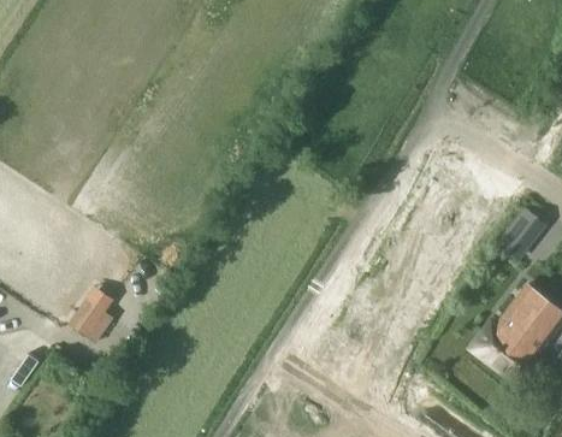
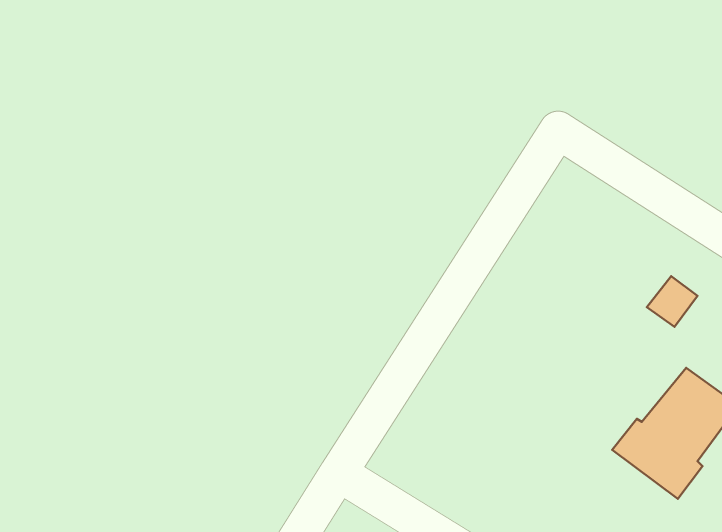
building: [72,290,110,330] -> none

